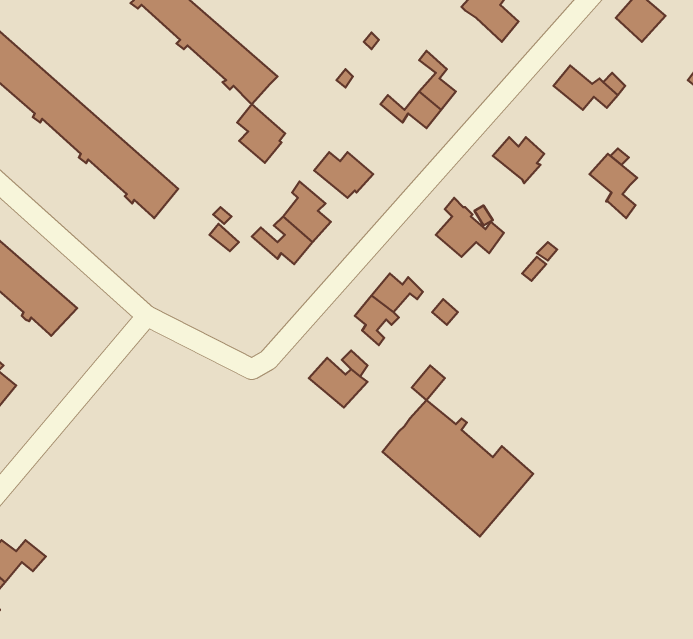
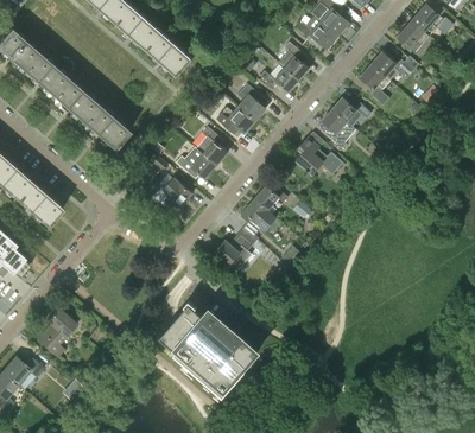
building: none -> [296,15,338,49]
building: none -> [398,20,429,52]
building: [237,104,285,163] -> [238,83,268,121]
building: [589,154,637,218] -> [360,64,391,106]
building: none -> [318,109,356,149]
building: none -> [153,179,192,210]
building: [382,400,533,536] -> [160,304,258,391]
building: none -> [37,307,76,362]

